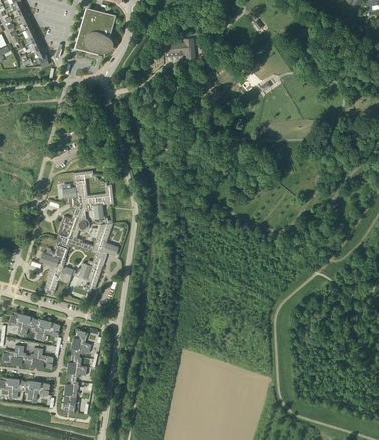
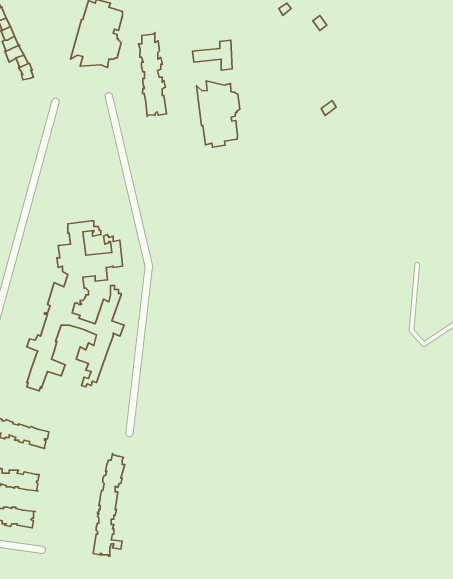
building: none -> [139,33,167,117]
building: none -> [197,81,240,147]
building: [63,329,86,405] -> [93,453,125,556]

